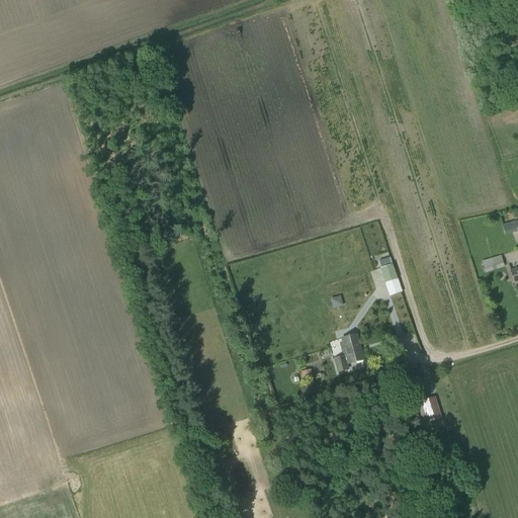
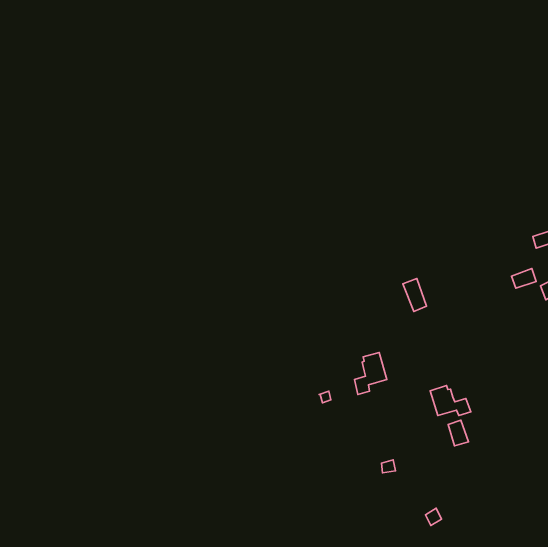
building: none -> [430,386,471,416]

